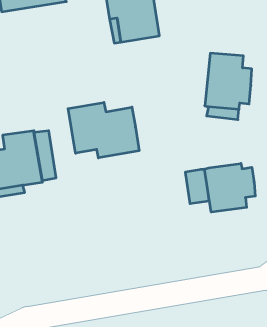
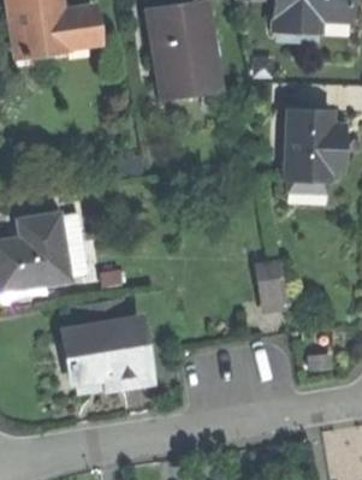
building: [68,102,139,158] -> none
building: [205,163,255,212] -> none
building: none -> [65,318,149,383]

